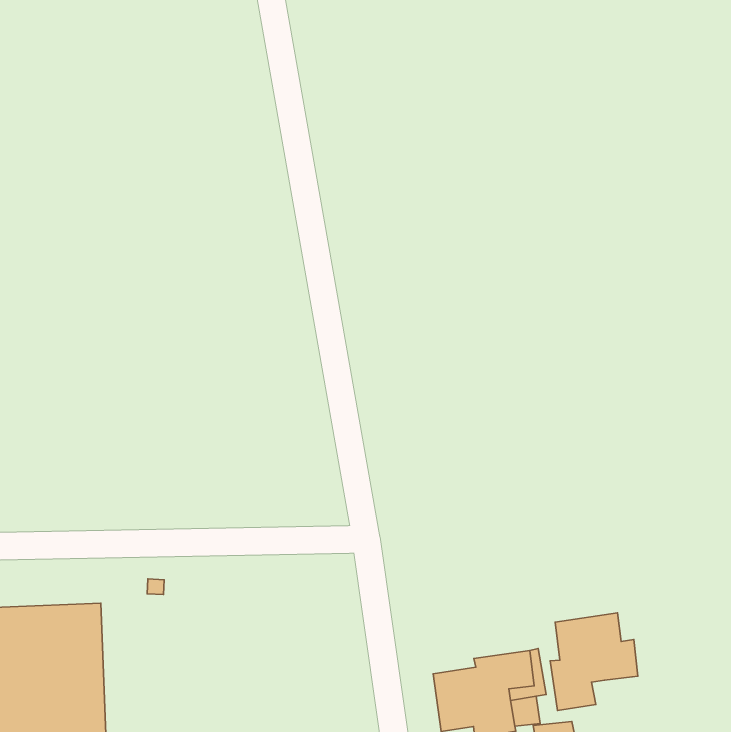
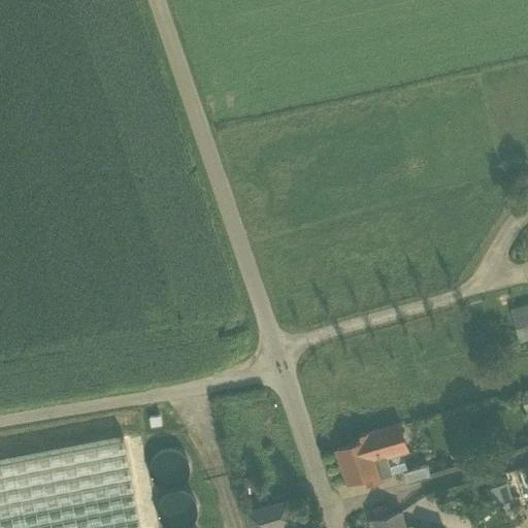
building: [550,613,638,711] -> none

